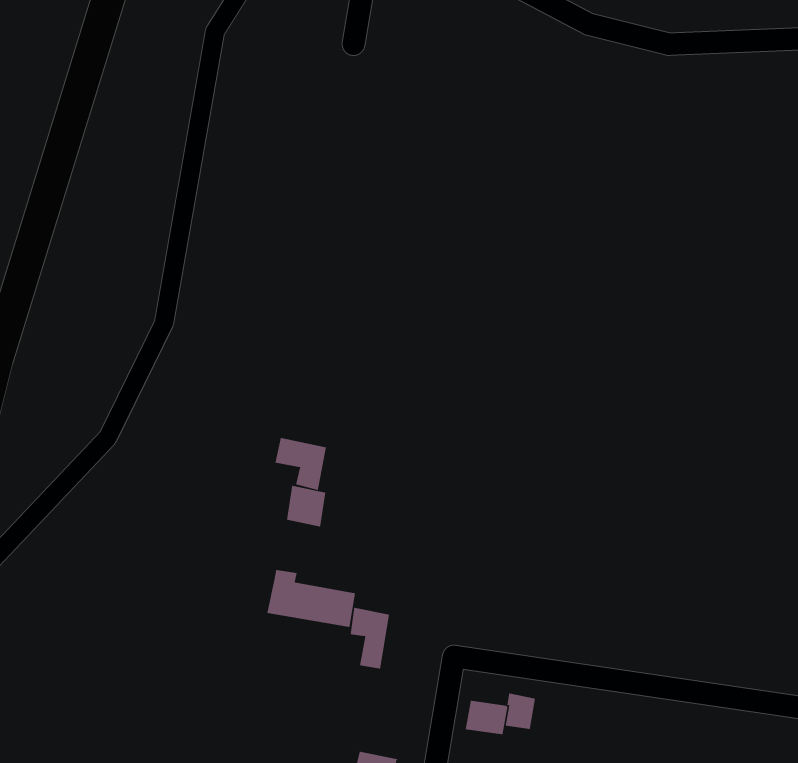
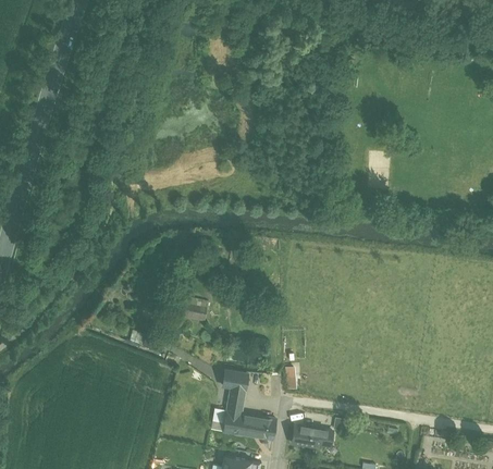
building: [275,437,326,491] -> none
building: [266,569,356,628] -> [222,405,275,440]

